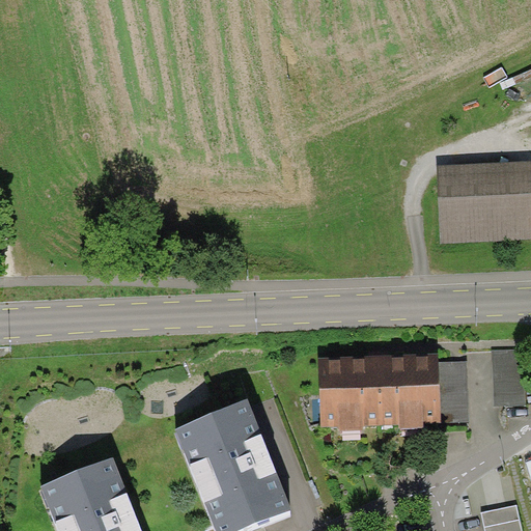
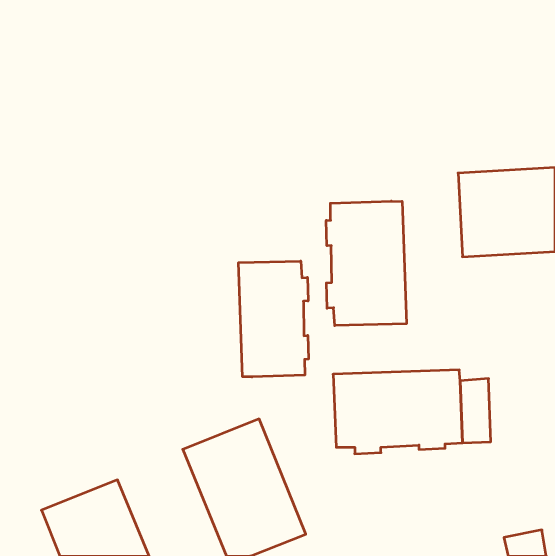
building: none -> [326,201,406,326]
building: none -> [239,261,308,377]
building: [491,348,525,407] -> none

